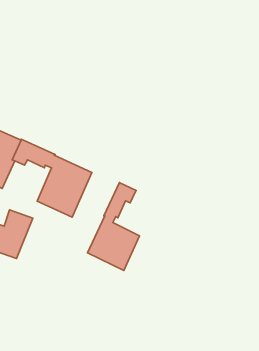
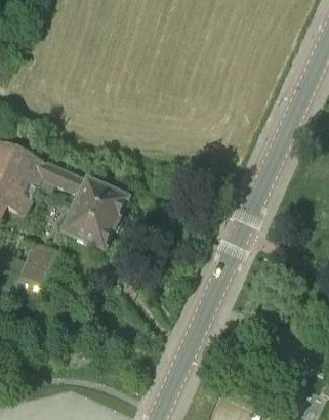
building: [87,182,140,271] -> none

